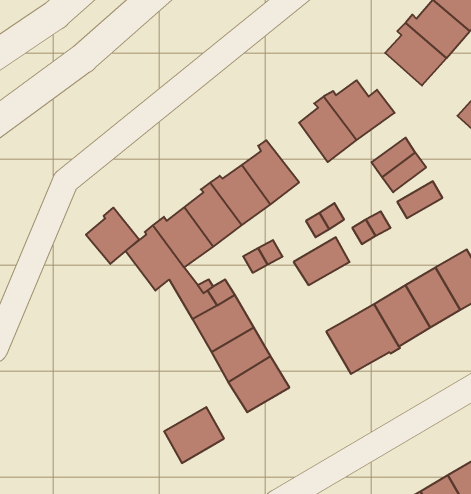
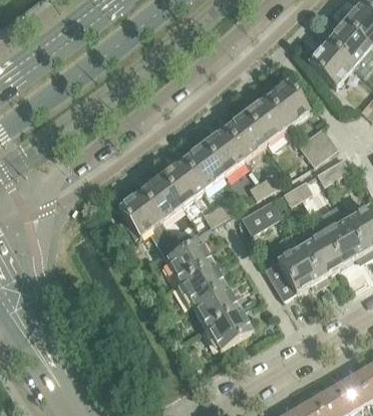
building: none -> [221,113,266,157]
building: [86,208,139,264] -> none
building: [164,407,224,463] -> [207,307,251,349]

